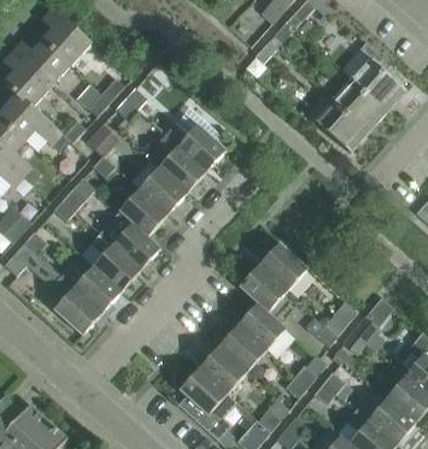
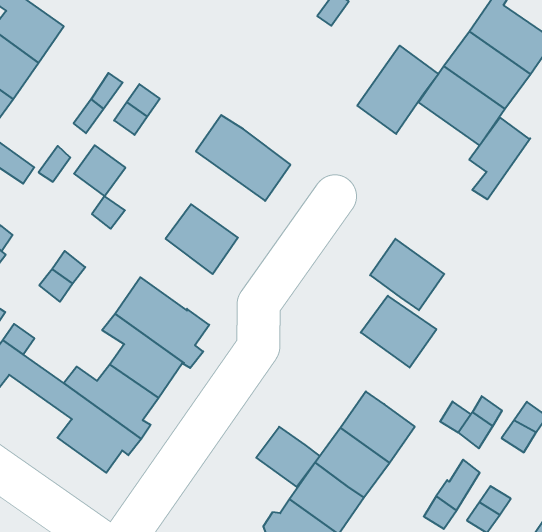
building: none -> [357,46,438,134]
building: [146,134,207,193] -> none
building: none -> [469,118,530,199]
building: [121,188,168,236] -> none
building: [240,264,288,312] -> [370,239,444,310]
building: none -> [256,427,320,487]

